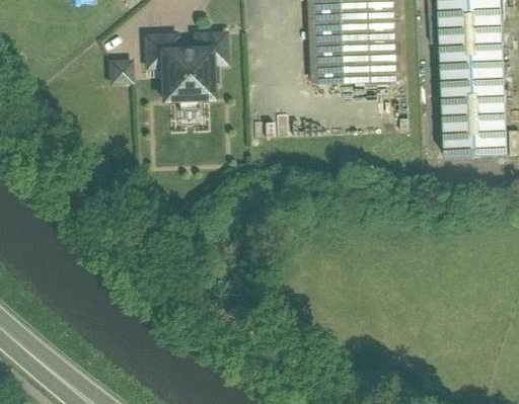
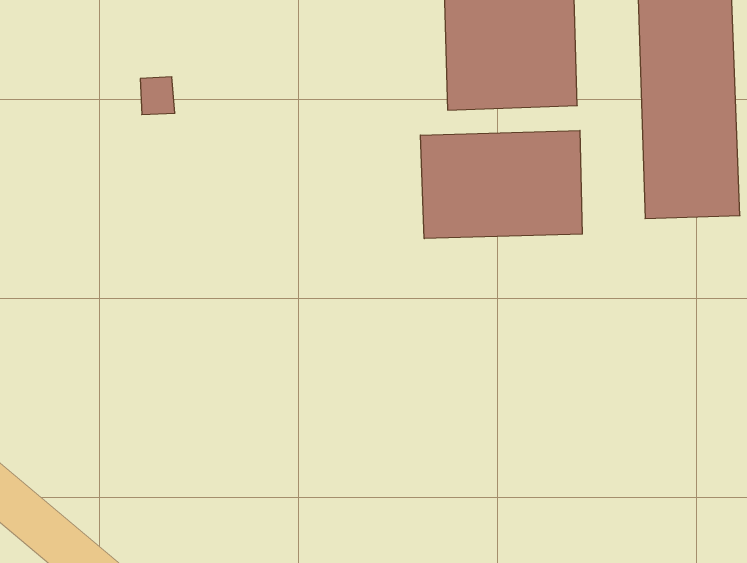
building: [141,35,225,100] -> none
building: none -> [420,130,582,239]

